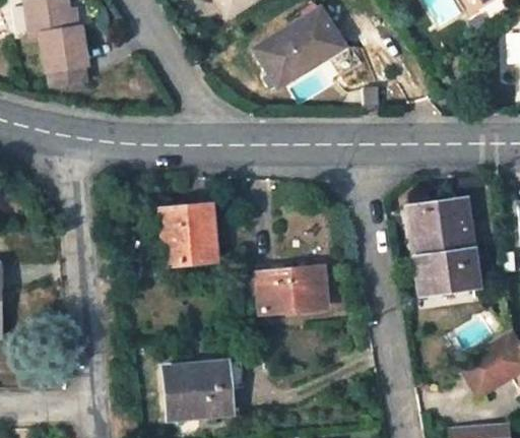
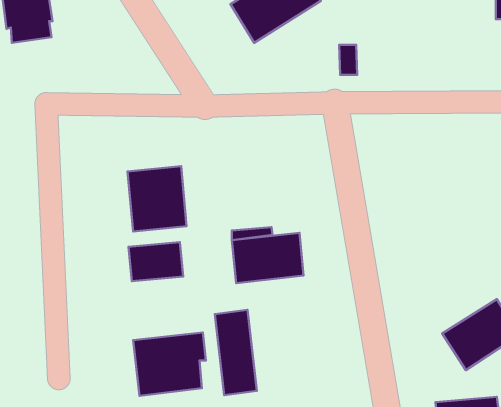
building: [412,202,476,291] -> none
building: none -> [128,242,183,281]
building: none -> [215,310,257,395]

